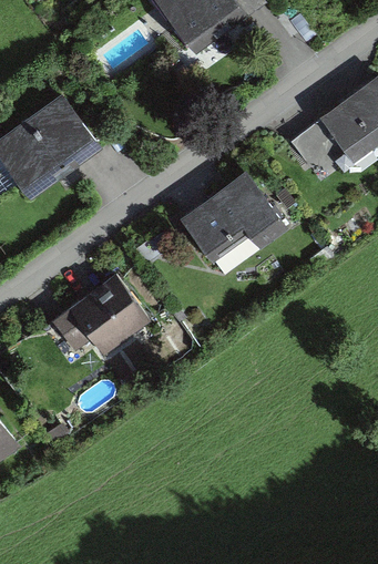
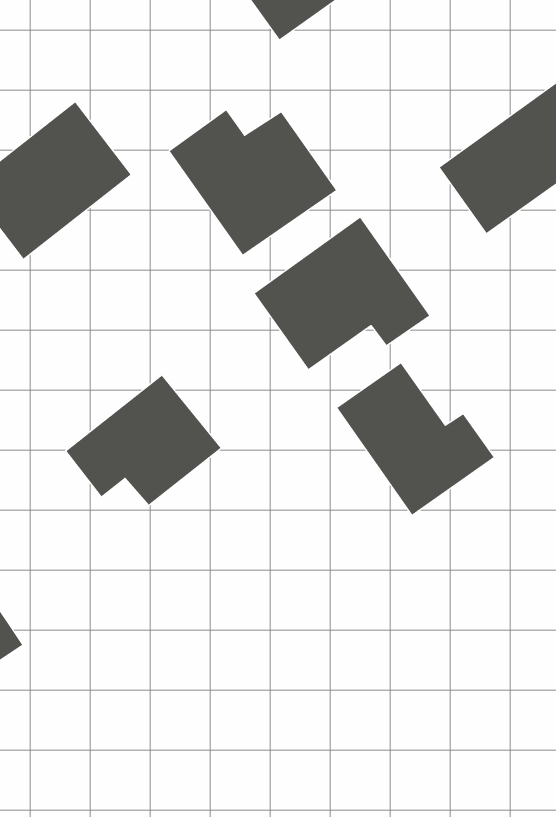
building: none -> [169,110,337,255]
building: none -> [337,362,495,516]

